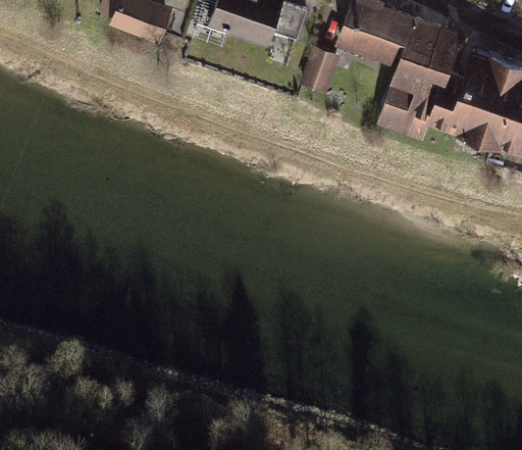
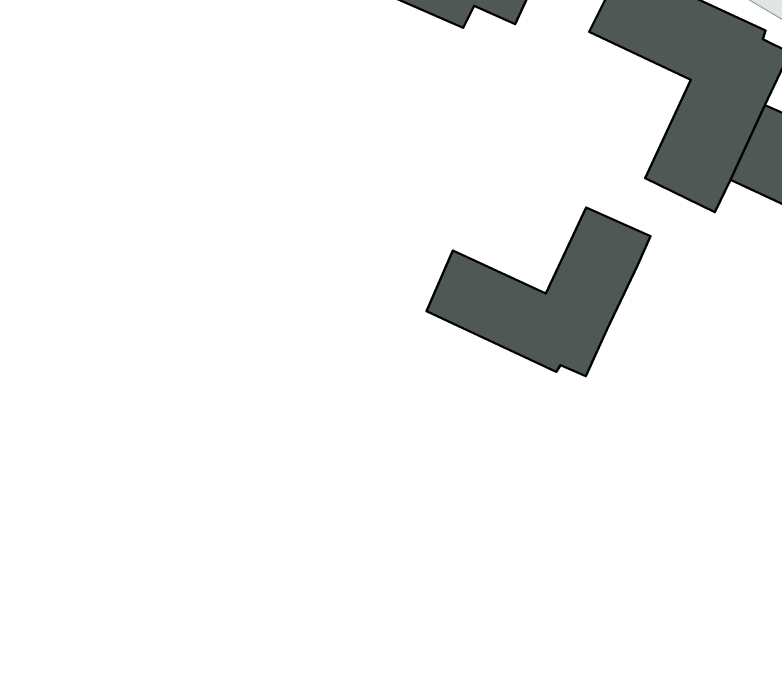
building: [304,48,336,90] -> none
building: none -> [426,207,650,376]

